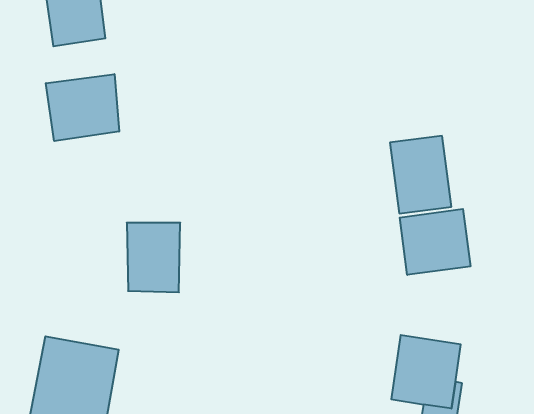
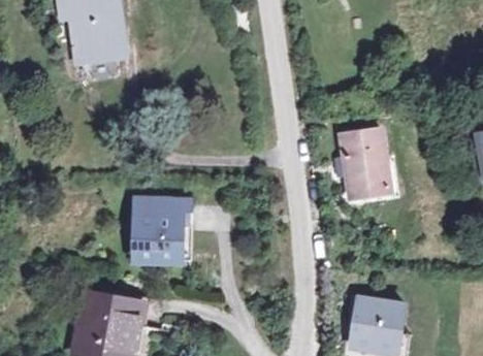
building: [46,74,119,141] -> none
building: [400,209,470,275] -> none

